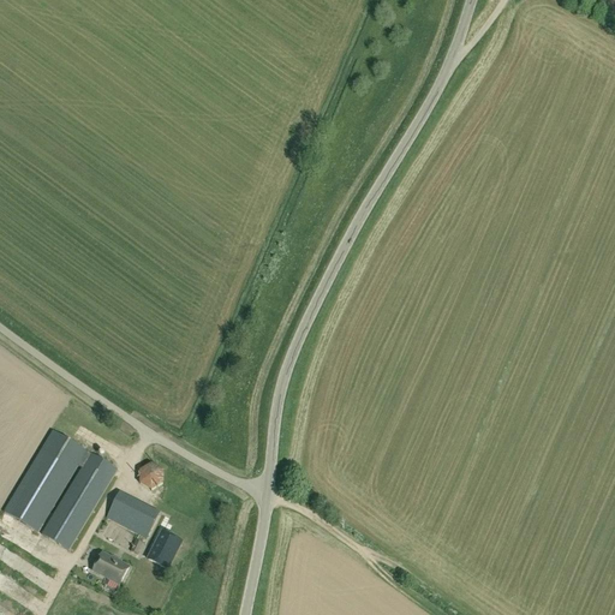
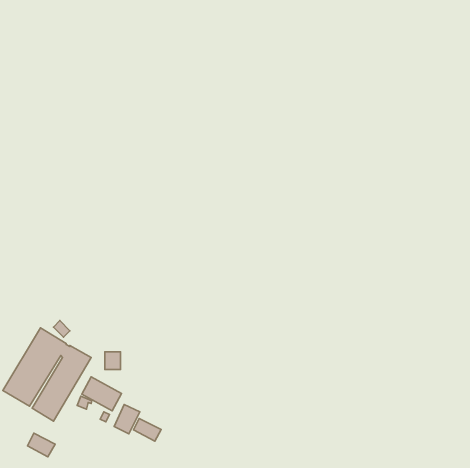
building: none -> [133,418,161,441]
building: [94,551,130,583] -> [27,433,55,457]

